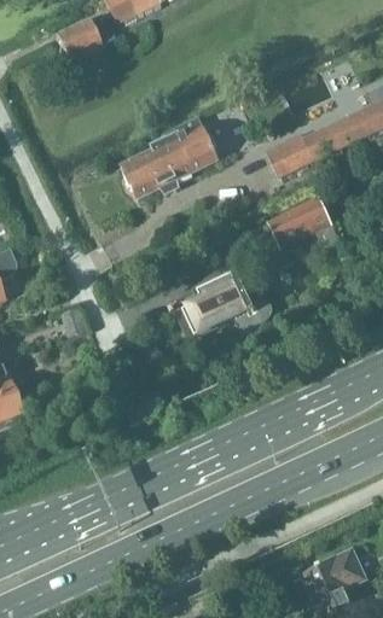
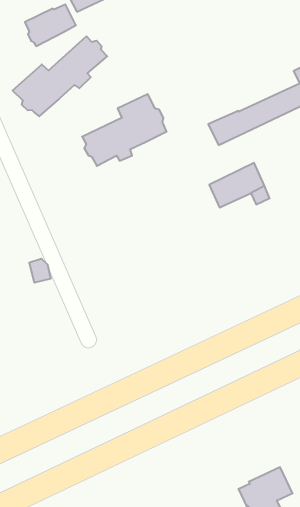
building: none -> [13,36,107,116]
building: [182,272,273,336] -> none

